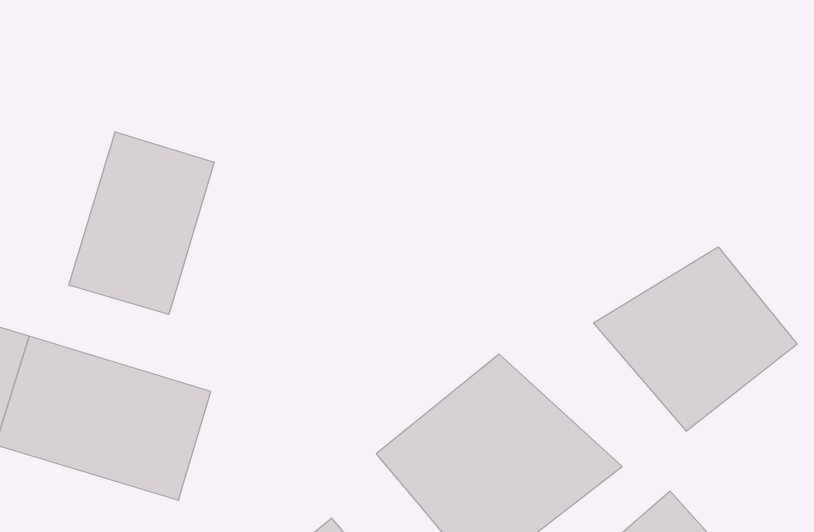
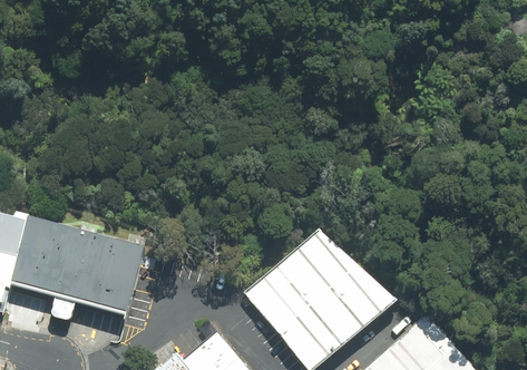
building: [69,132,214,314] -> none
building: [594,247,797,431] -> none

